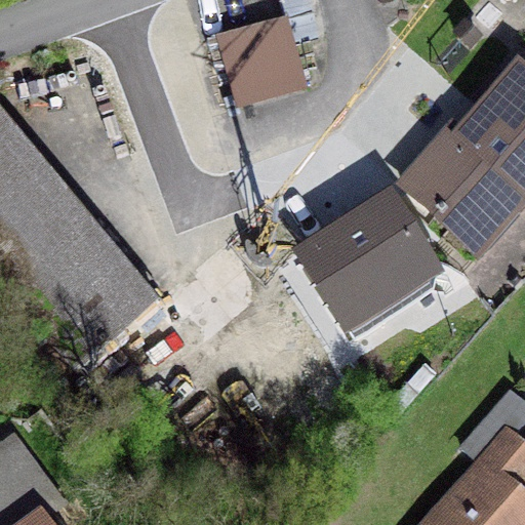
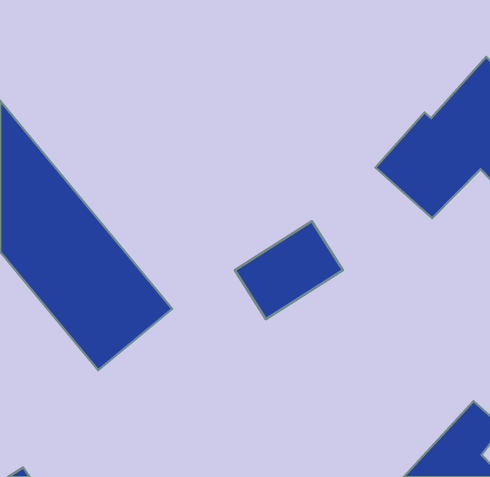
building: [221,12,296,88] -> none
building: [331,196,425,288] -> none

